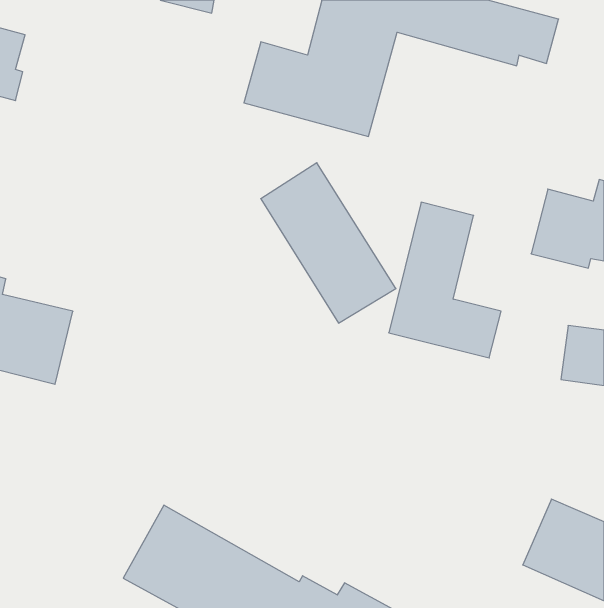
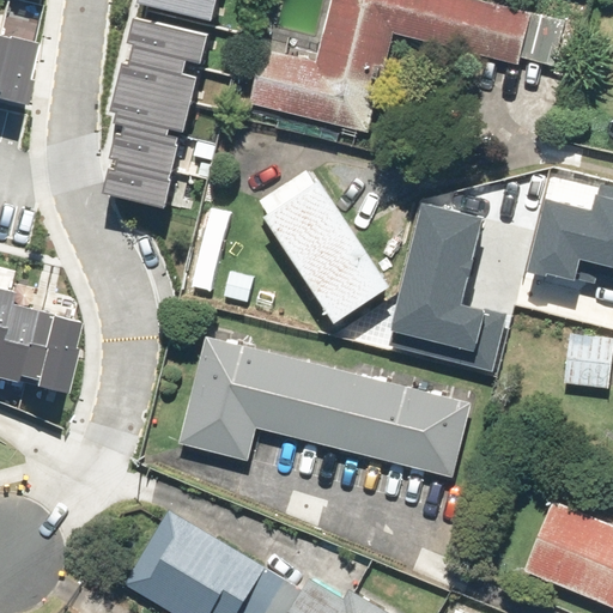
building: none -> [102,13,208,204]
building: none -> [178,335,474,480]

